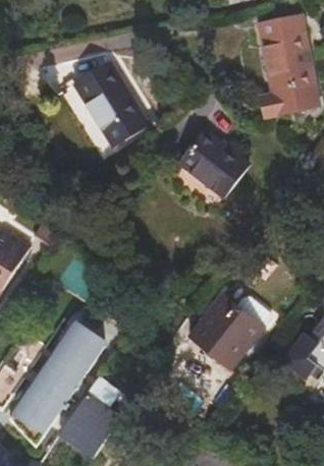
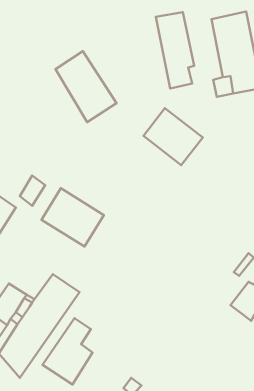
building: none -> [156,12,194,88]
building: none -> [42,188,104,247]
building: [191,294,264,367] -> none

